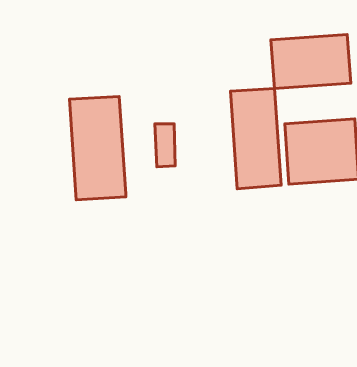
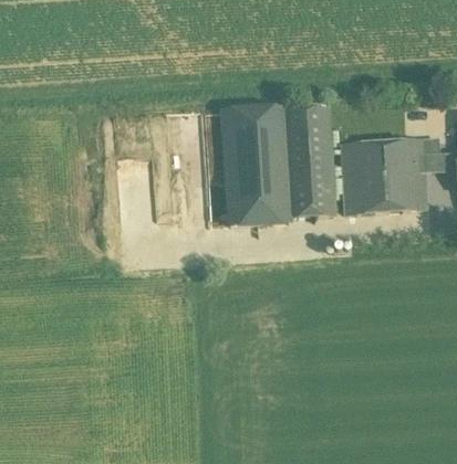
building: [271,35,351,88] -> none
building: [70,96,126,200] -> [220,106,285,225]

